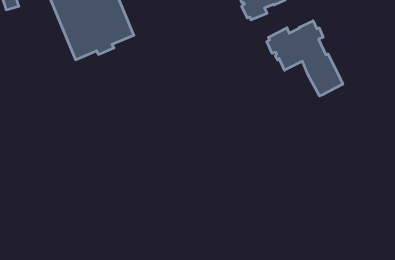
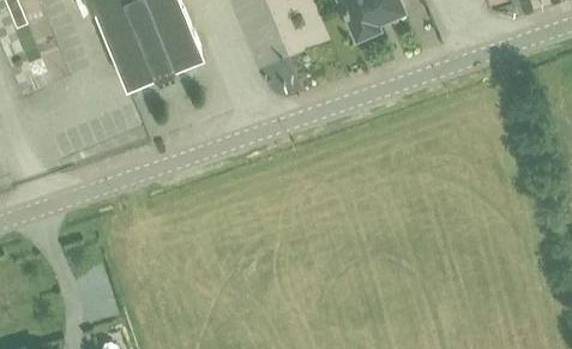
building: [267,21,343,96] -> none

